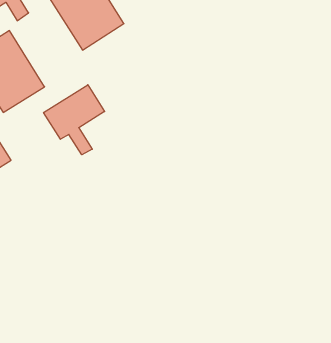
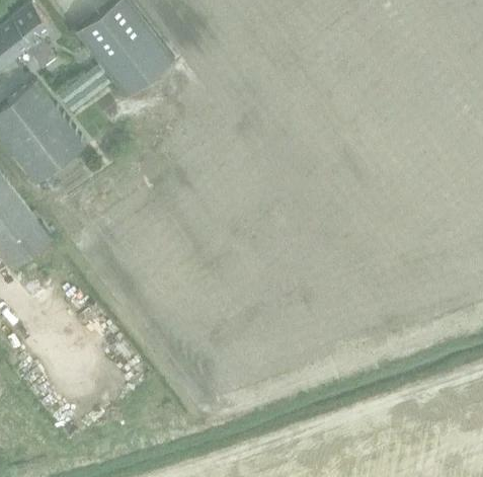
building: [44,85,105,155] -> none

